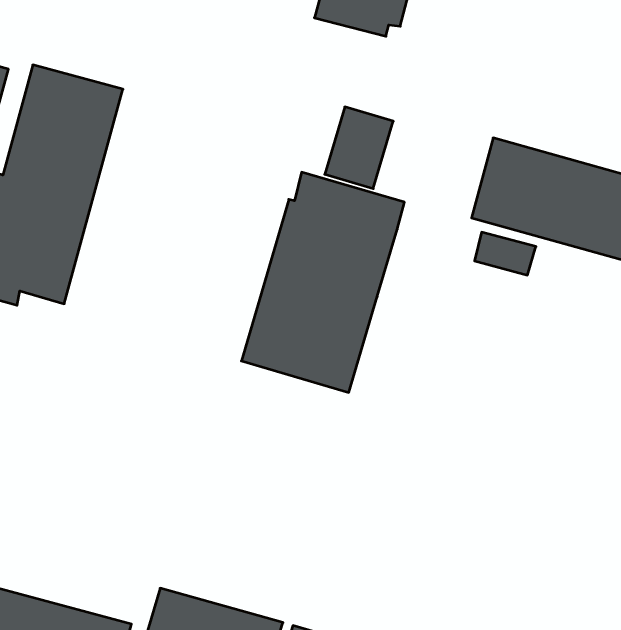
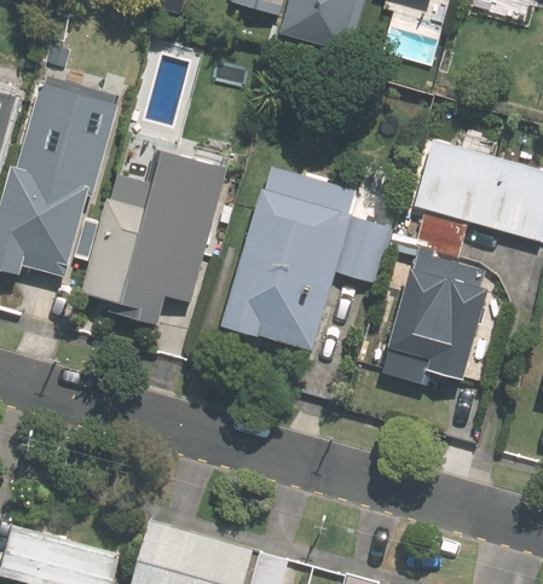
building: [325,107,393,189] -> [333,216,391,285]
building: none -> [76,150,225,328]
building: none -> [386,248,486,381]

